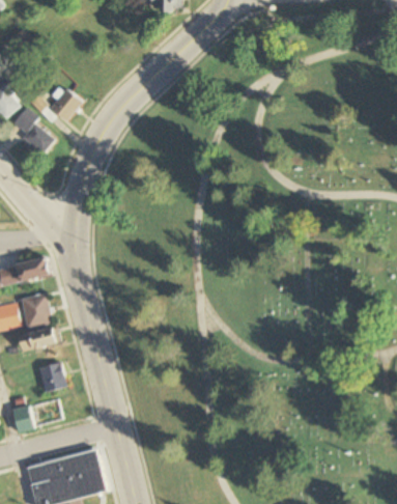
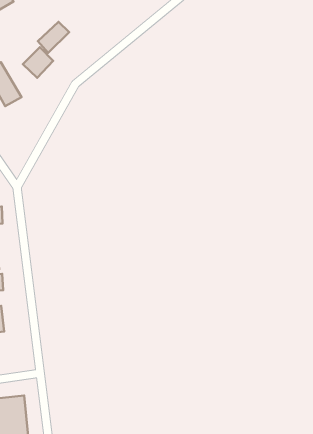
building: none -> [38,22,69,53]

